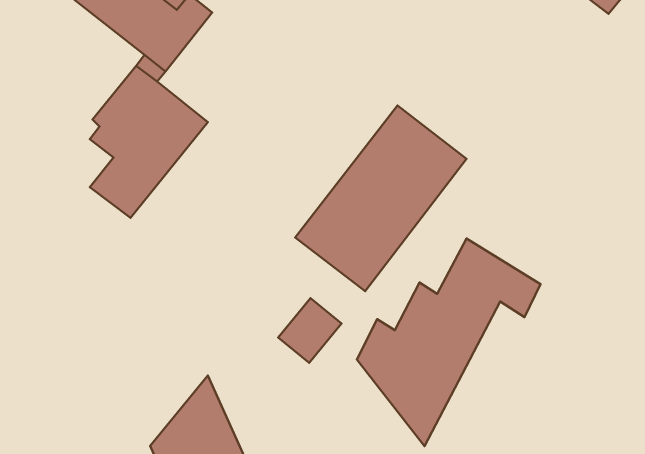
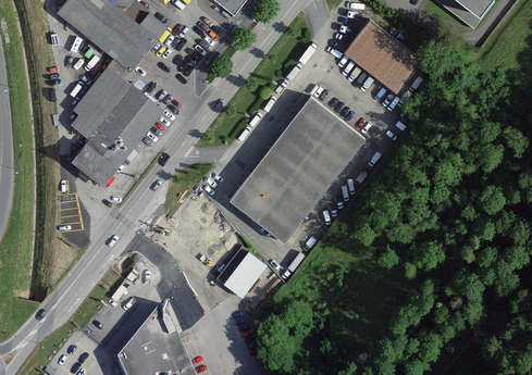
building: none -> [345,21,421,91]
building: [357,238,540,446] -> none

